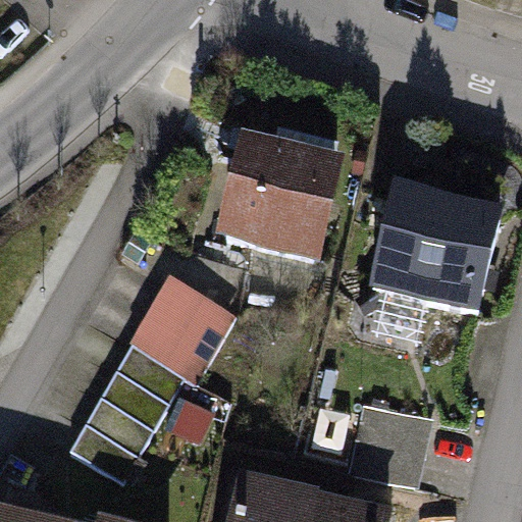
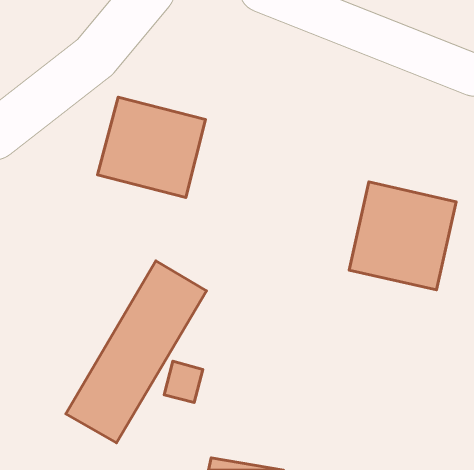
building: [219,143,336,252] -> [98,97,206,197]
building: [350,406,428,487] -> none

